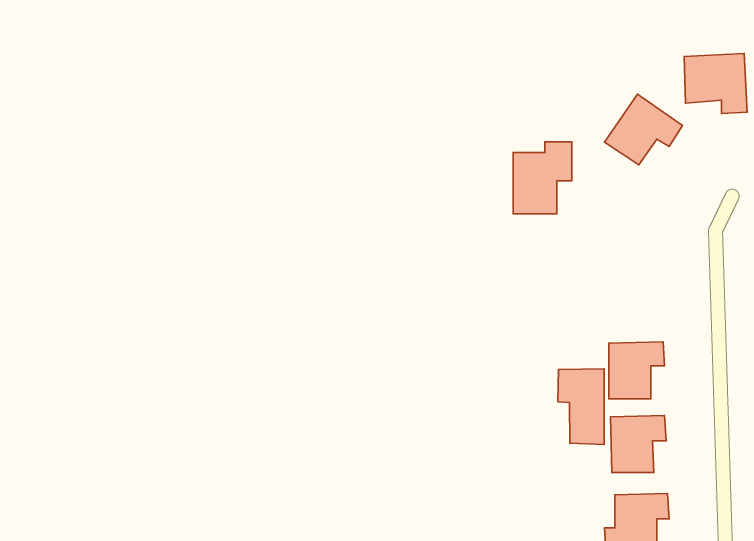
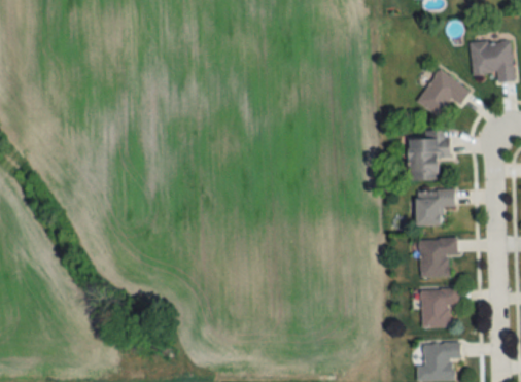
building: [513,142,572,214] -> [409,130,449,179]
building: none -> [417,189,454,224]
building: [558,369,604,444] -> none

